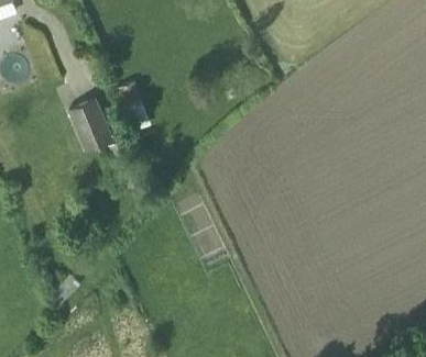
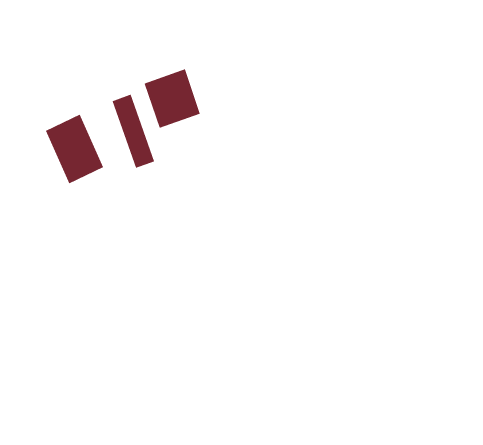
building: none -> [144,68,201,129]

